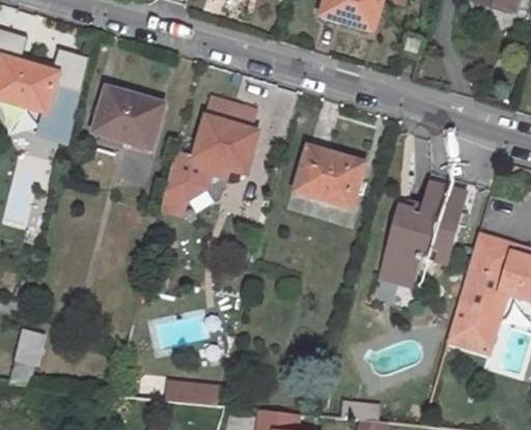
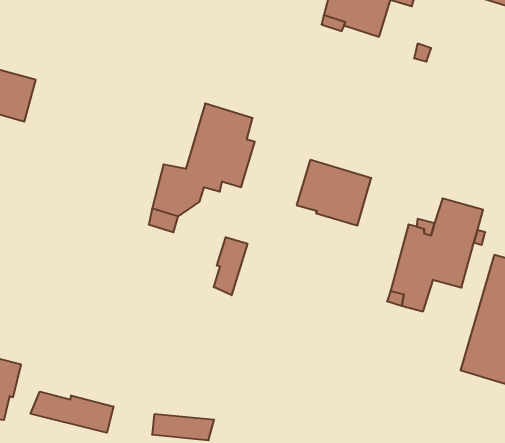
building: [94,89,164,147] -> none
building: none -> [214,237,247,295]
building: none -> [31,392,113,433]

